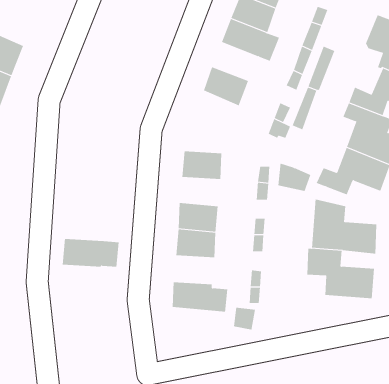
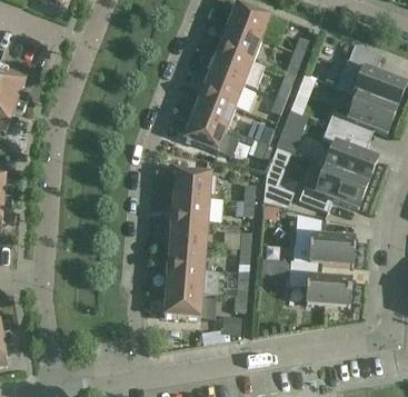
building: none -> [200,70,243,106]
building: none -> [182,115,226,151]
building: none -> [170,195,209,221]
building: [62,238,120,267] -> [165,267,218,294]

